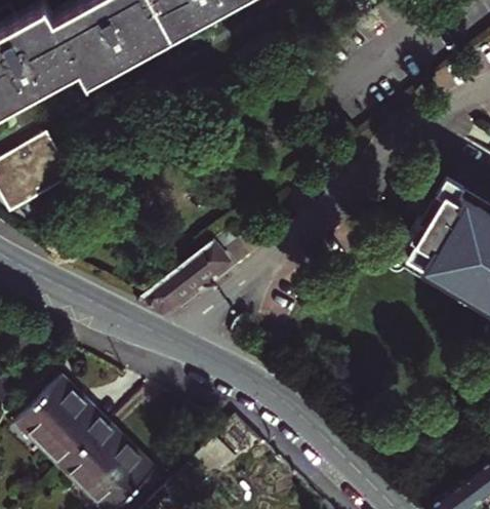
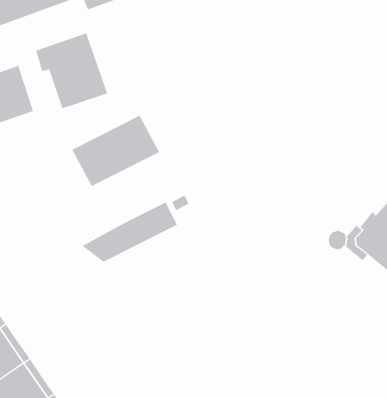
building: none -> [35,32,108,109]
building: none -> [71,115,160,187]

